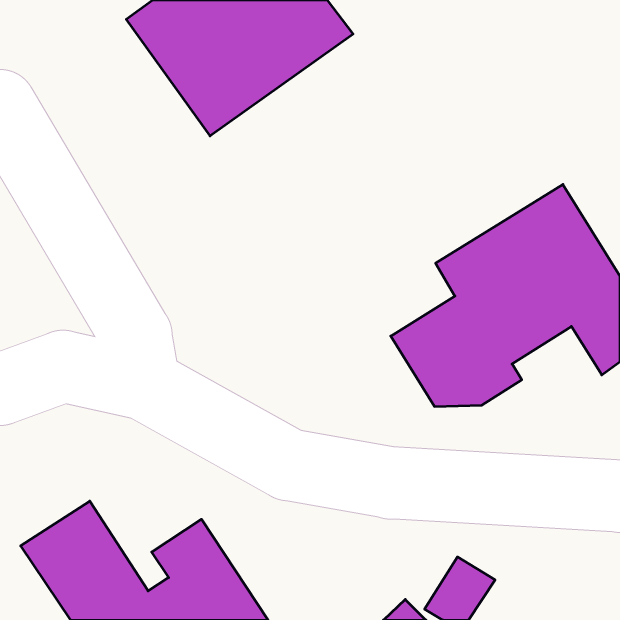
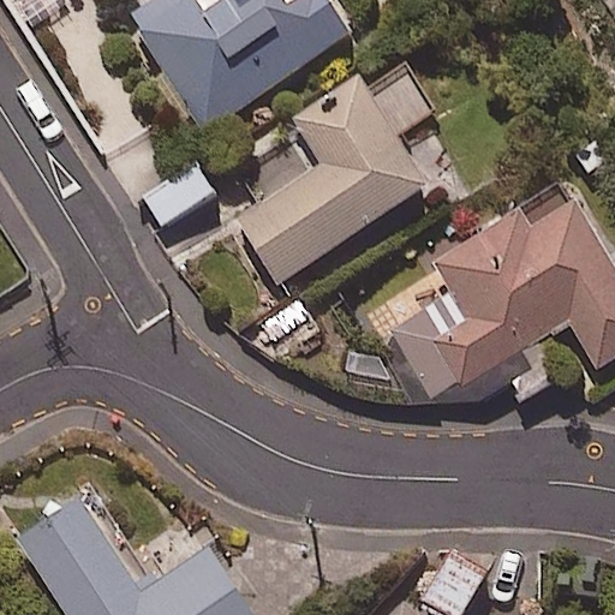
building: none -> [233,48,436,285]

